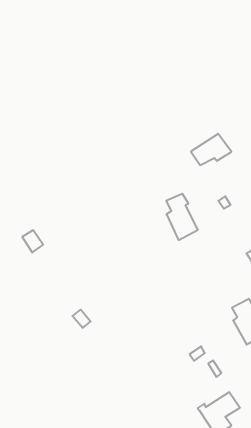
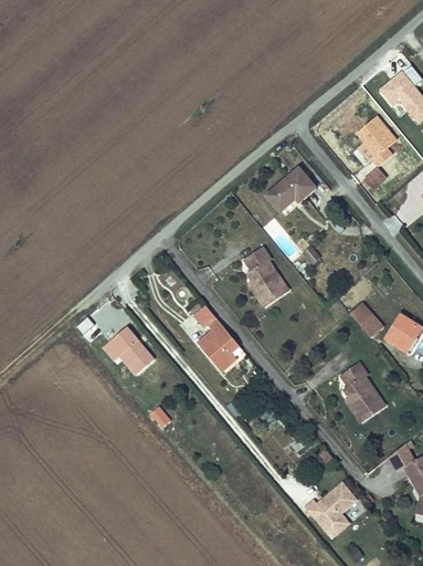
building: none -> [194,304,240,369]
building: none -> [108,324,155,370]

